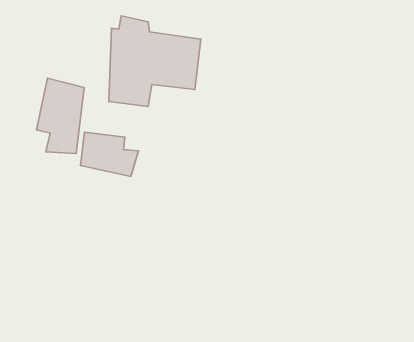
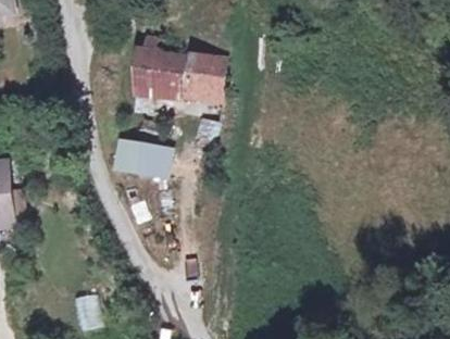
building: [37,78,84,153] -> none

